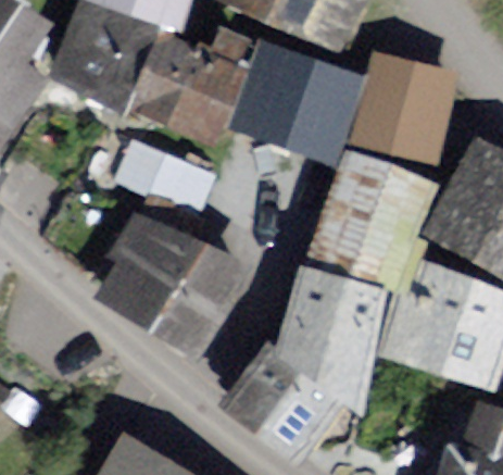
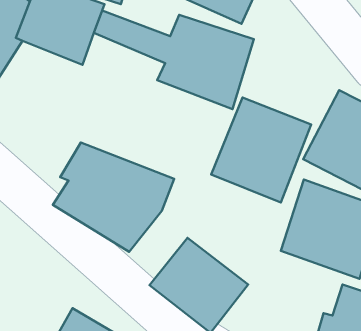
building: [350,55,460,162] -> none
building: [131,65,241,148] -> none
building: [103,142,203,218] -> none
building: [280,267,390,400] -> none

